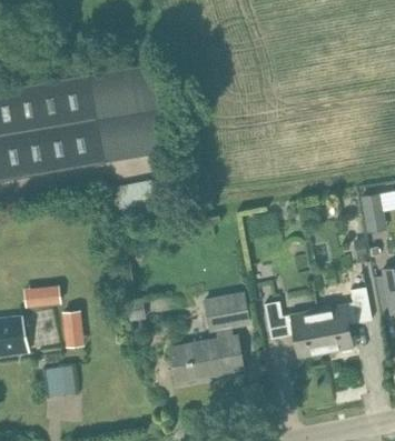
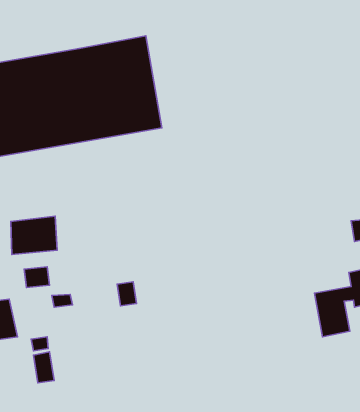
building: none -> [11,216,57,255]
building: [169,293,248,382] -> none
building: [264,302,325,357] -> none

